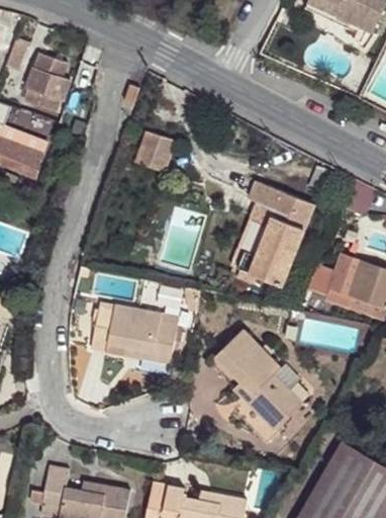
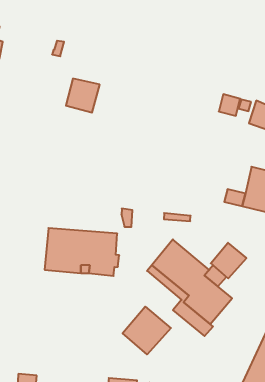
building: [237,180,314,284] -> none
building: none -> [211,243,246,278]
building: none -> [123,307,171,354]

